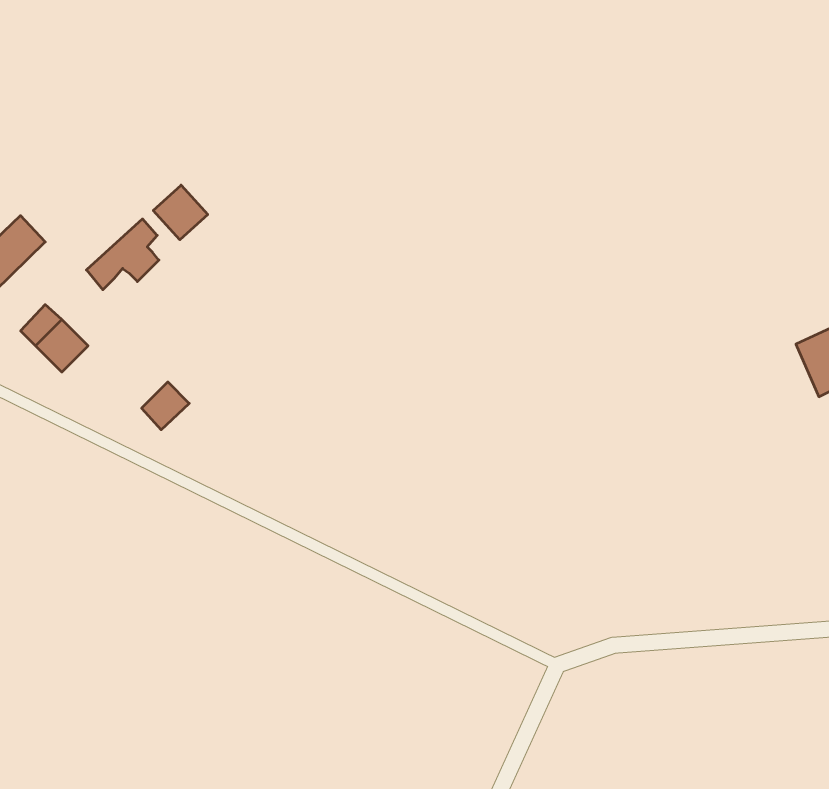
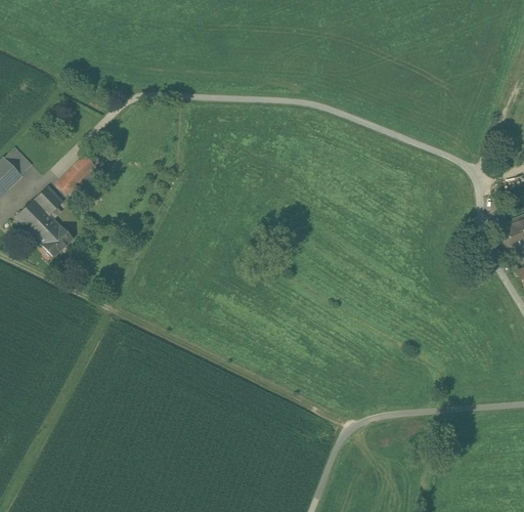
building: [153,185,208,240] -> none
building: none -> [32,185,61,215]
building: [142,382,189,430] -> [42,227,72,257]

